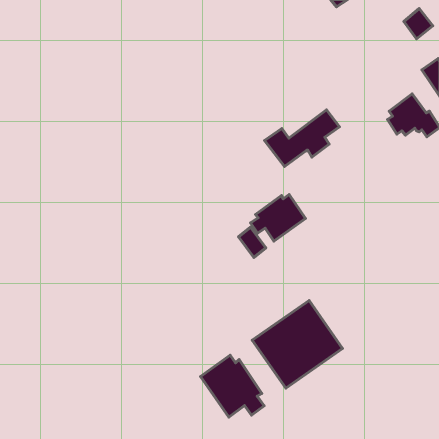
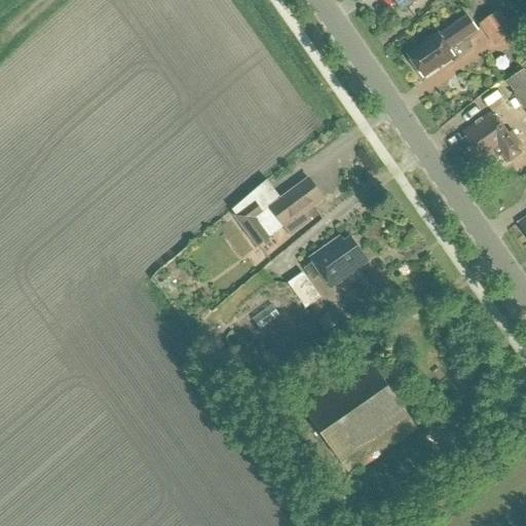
building: none -> [410,16,480,78]
building: [265,110,340,166] -> [235,179,325,247]
building: [200,355,264,417] -> none

